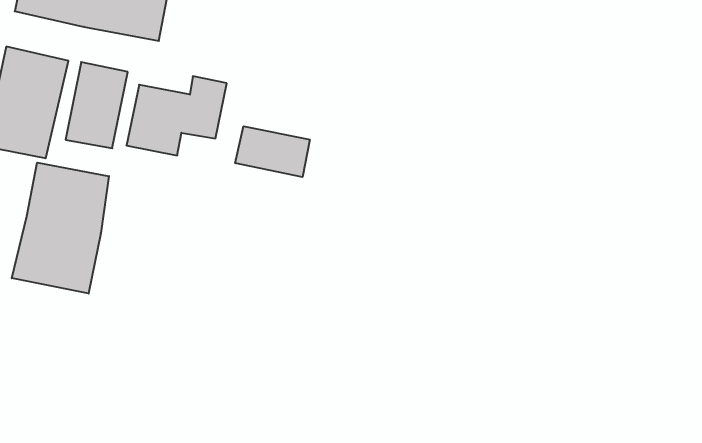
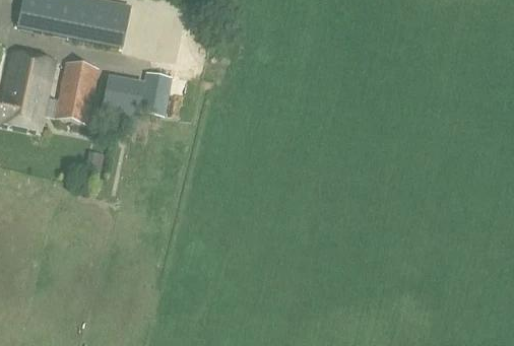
building: [235,126,310,177] -> none
building: [12,163,109,294] -> none

